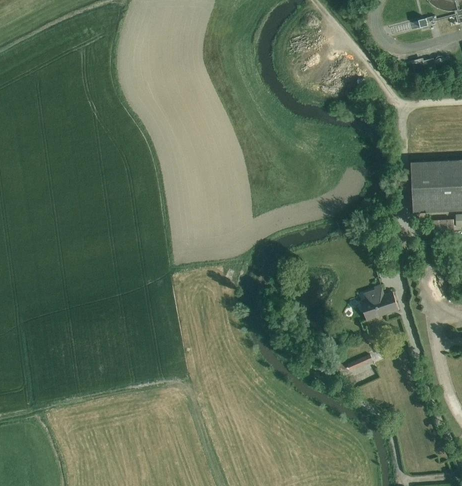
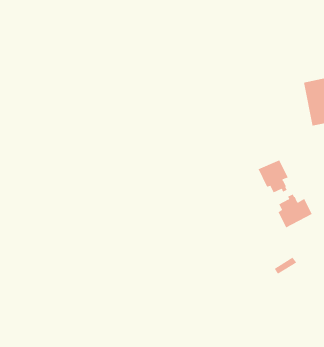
building: none -> [258,159,289,193]

